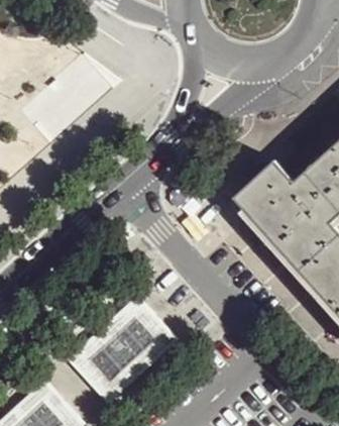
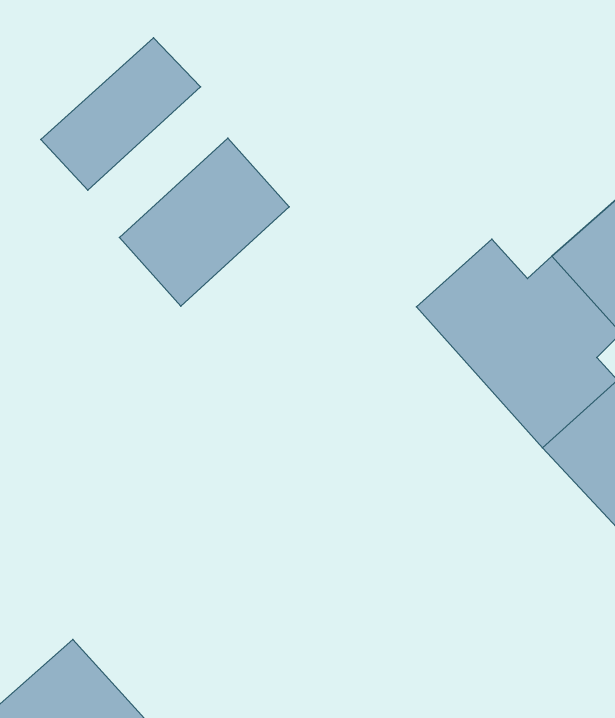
building: none -> [119,138,289,306]
building: [69,294,180,403] -> none

